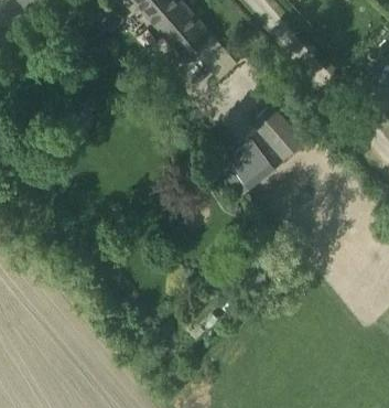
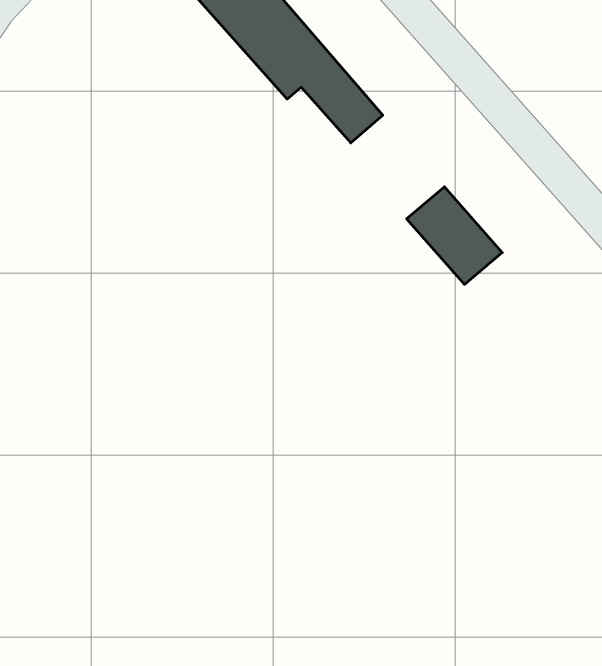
building: [223,148,277,193] -> none

